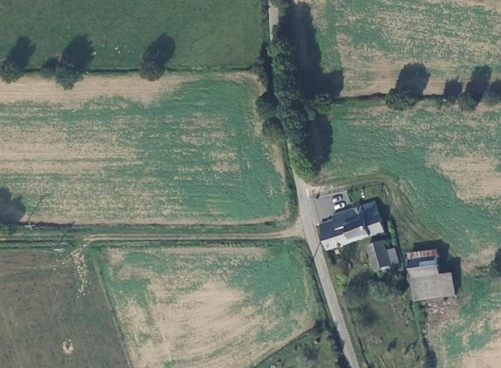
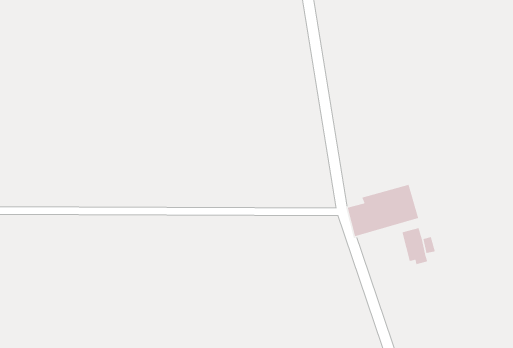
building: [409,256,455,299] -> none

